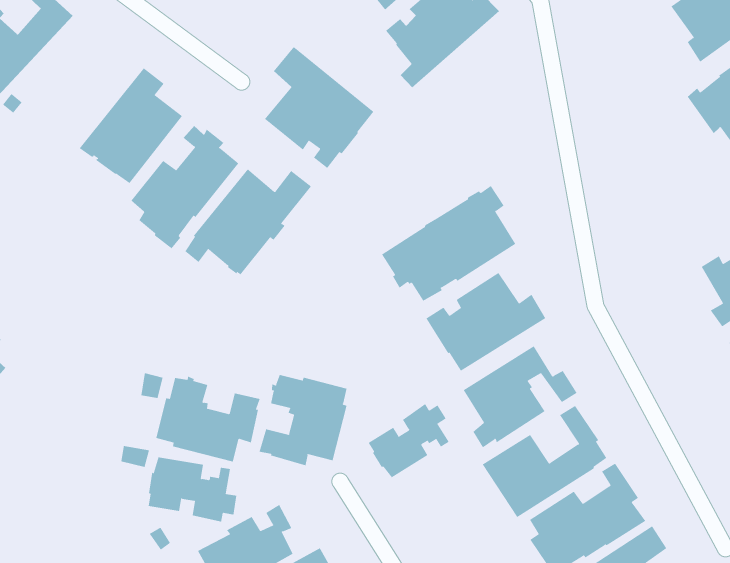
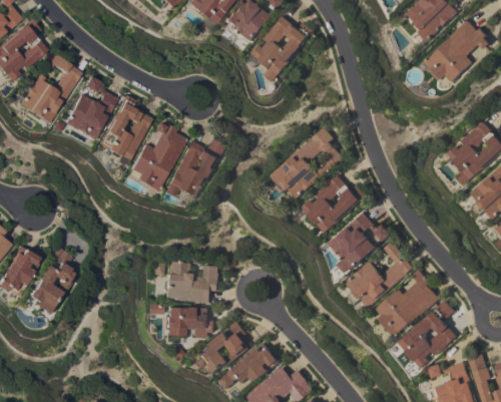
building: none -> [62,76,115,140]
building: [264,46,374,169] -> none
building: [259,374,347,466] -> none
building: [368,403,449,478] -> none

